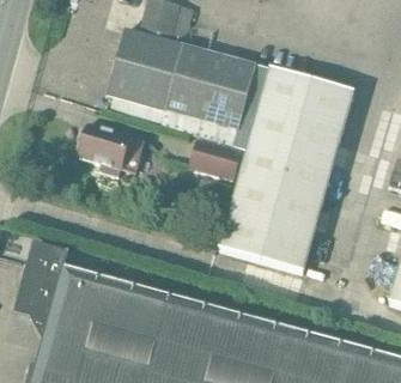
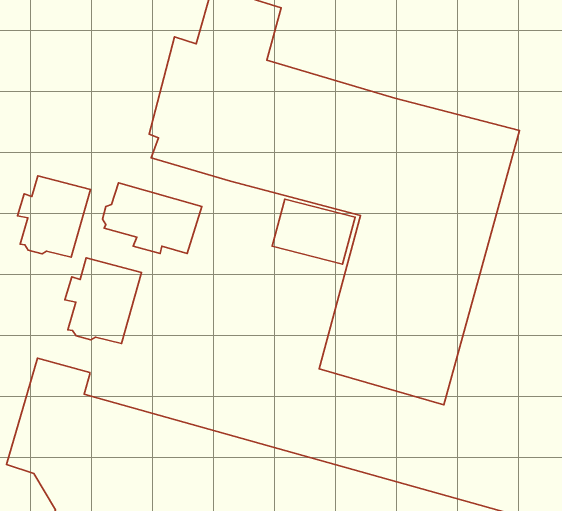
building: none -> [17,176,90,257]
building: none -> [65,258,142,343]

